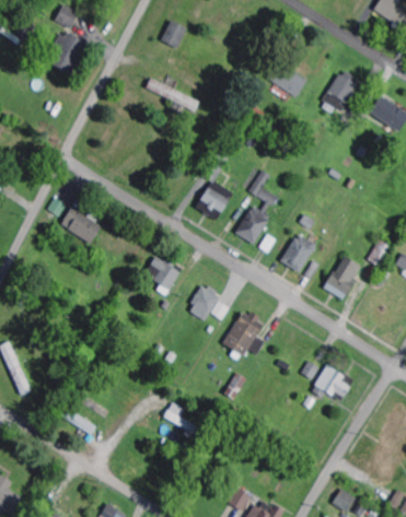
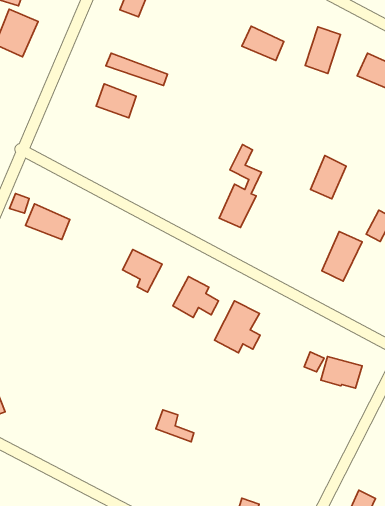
building: none -> [96,84,136,118]
building: [196,180,233,220] -> none
building: [281,233,315,272] -> [311,156,346,199]

